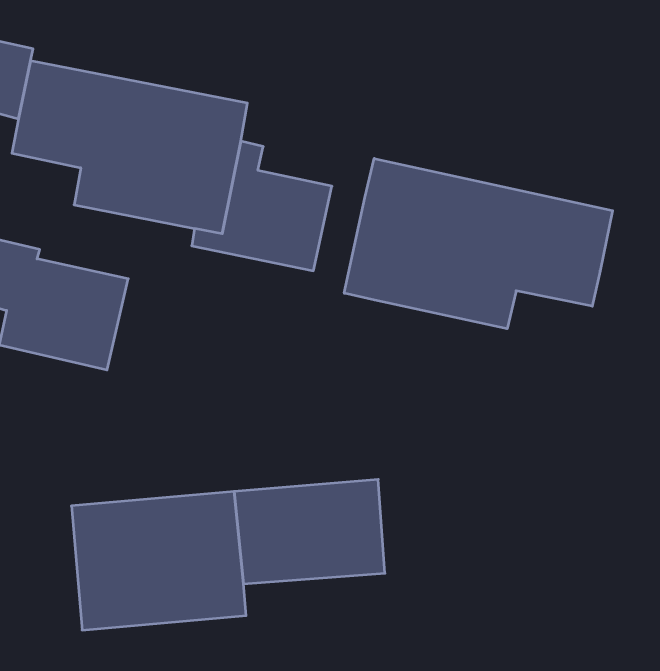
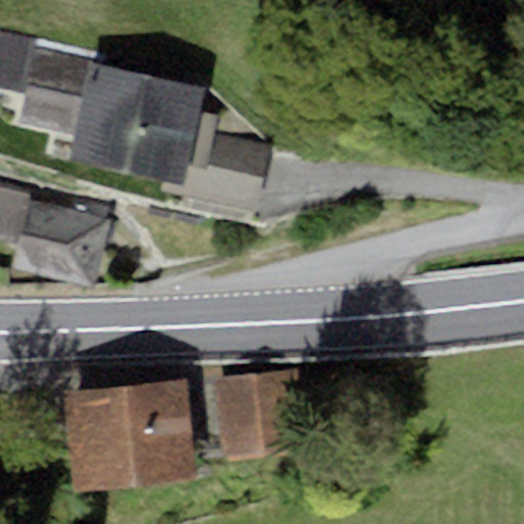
building: [344,158,613,329] -> none

